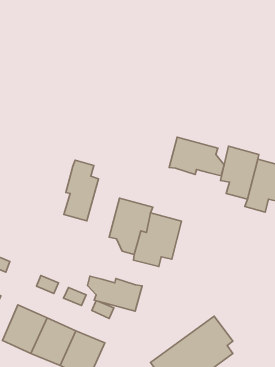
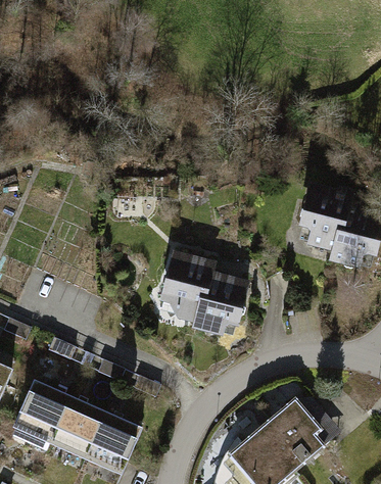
building: [169,137,224,176] -> none
building: [64,160,99,221] -> none
building: [87,276,142,311] -> none

